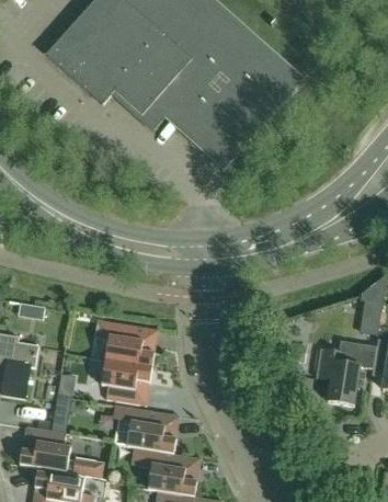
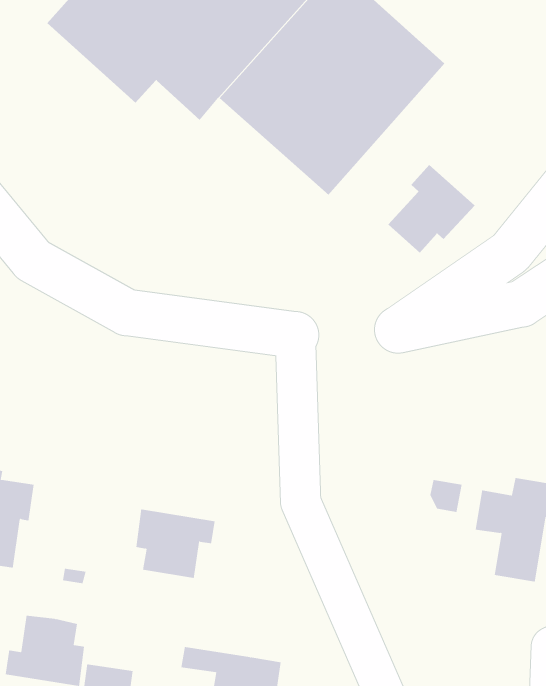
building: none -> [387,164,475,253]
building: [95,319,155,367] -> none
building: [113,404,176,453] -> none

